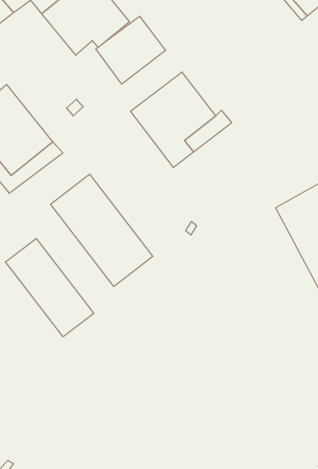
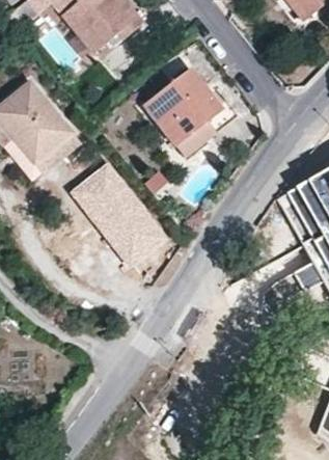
building: [96,16,166,84] -> none
building: [5,238,94,337] -> none

